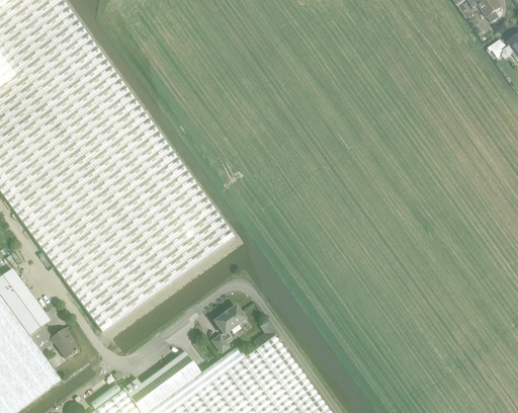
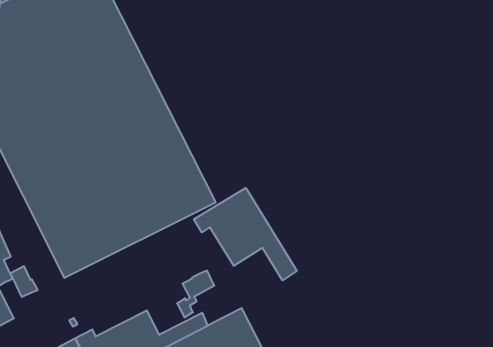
building: none -> [194,188,297,280]

